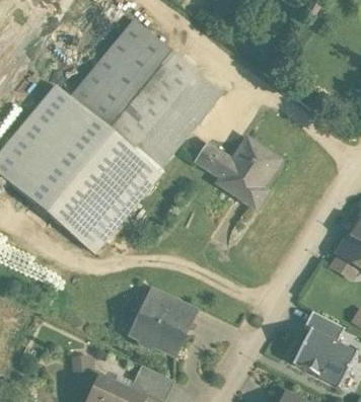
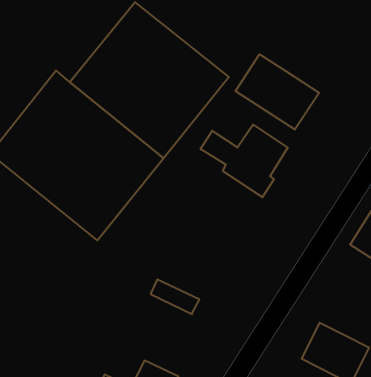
building: none -> [235,54,319,130]
building: [137,300,187,353] -> none
building: [303,311,342,341] -> none

